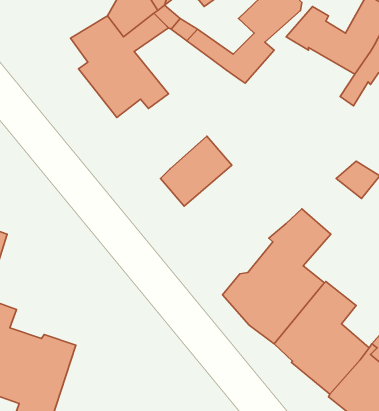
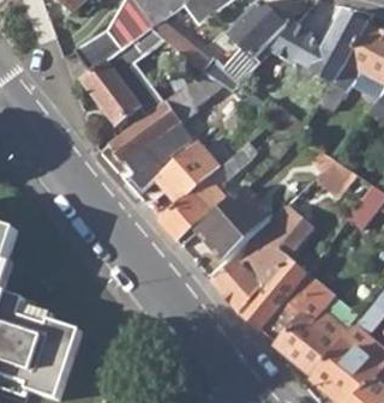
building: none -> [110,72,230,194]
building: none -> [158,158,240,241]
building: none -> [199,191,271,260]

